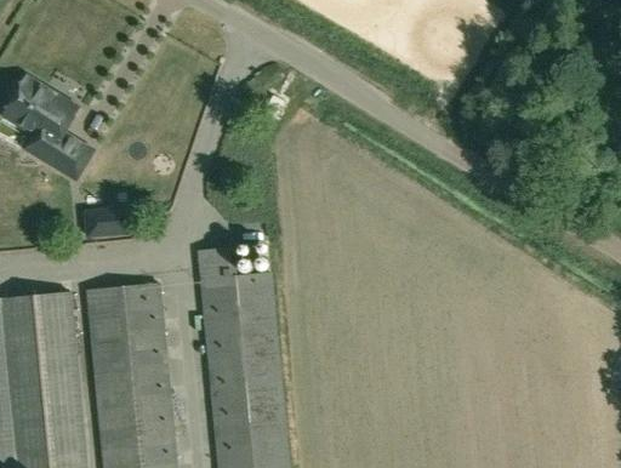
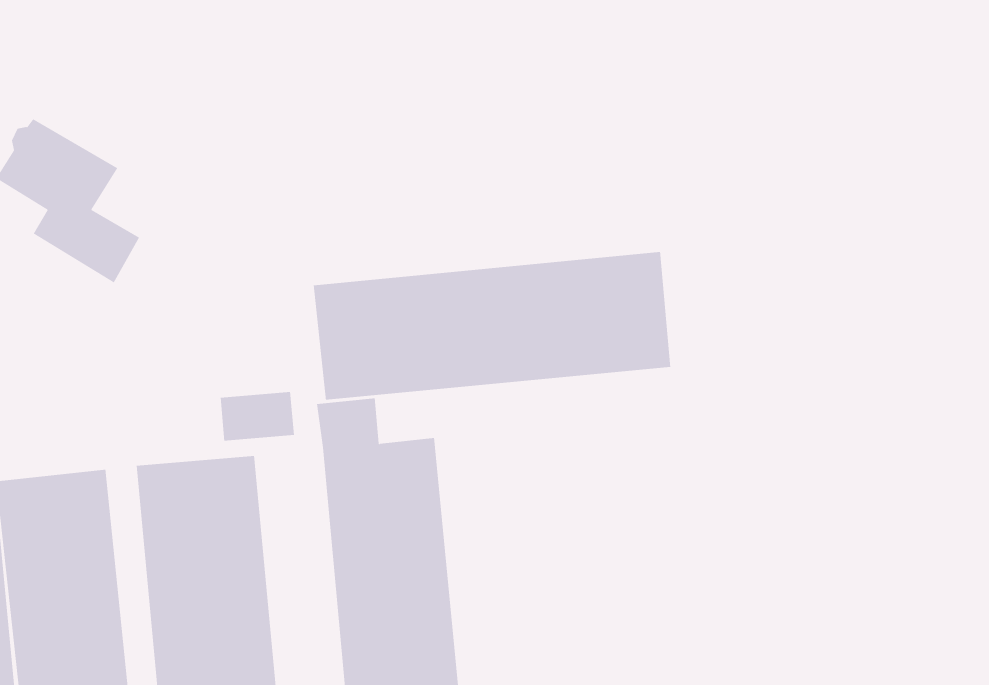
building: none -> [313,251,671,400]
building: [85,206,131,236] -> [220,392,295,441]

